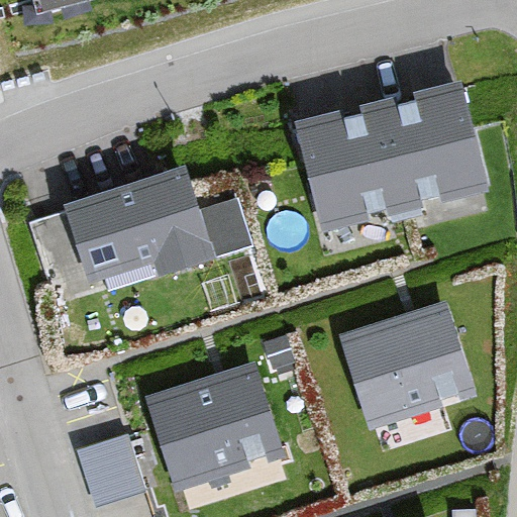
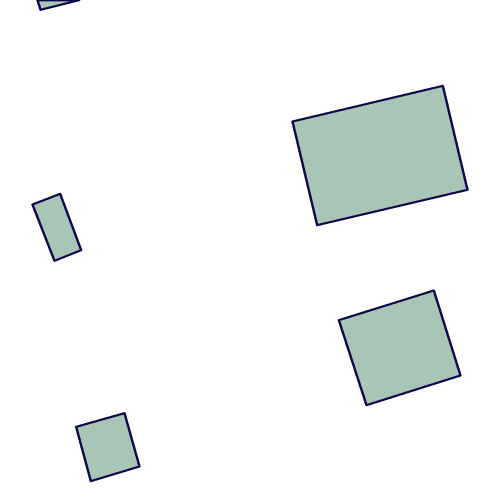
building: [71,176,208,284] -> none
building: [152,361,279,478] -> none

